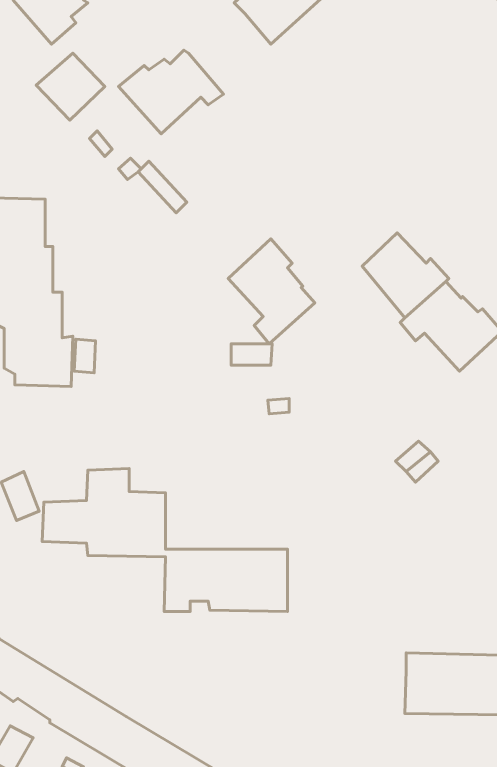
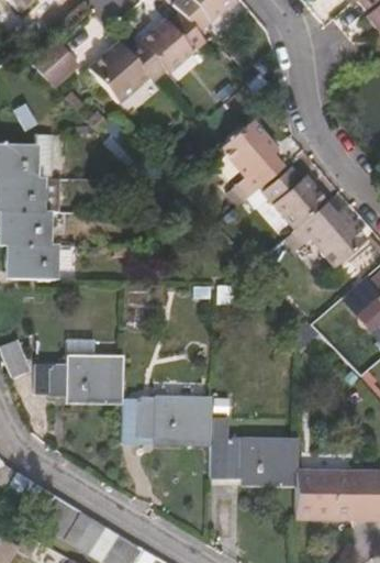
building: none -> [139,10,206,73]
building: [228,239,315,344] -> [220,122,282,198]
building: none -> [210,417,298,485]

